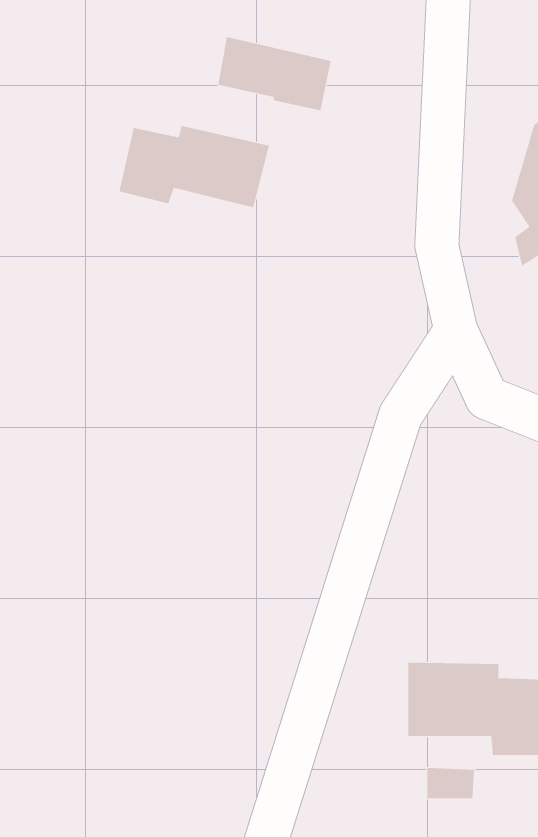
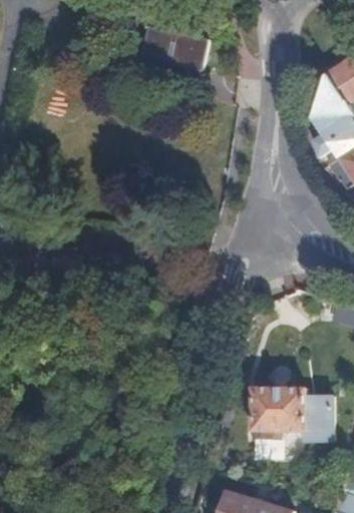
building: [119,125,269,208] -> none

